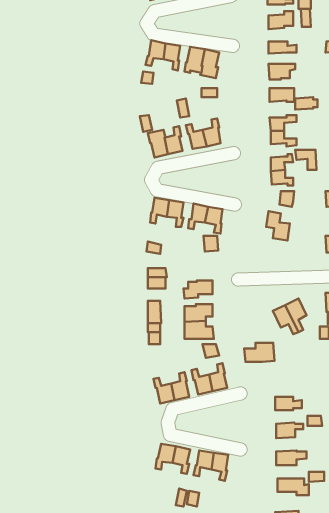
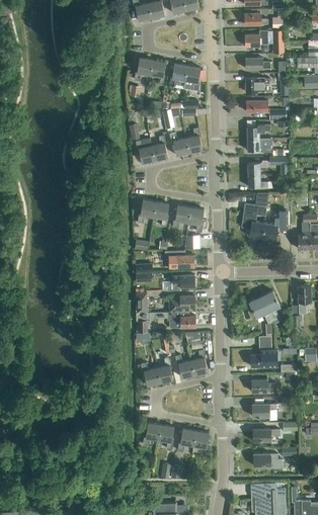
building: none -> [262,210,290,245]
building: none -> [164,251,193,268]
building: [244,343,274,362] -> [250,350,277,367]

